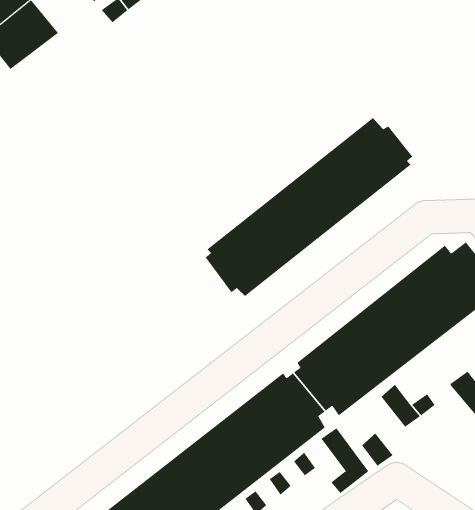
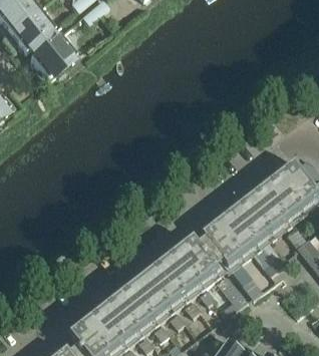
building: none -> [29,33,75,82]
building: [205,117,413,297] -> none

